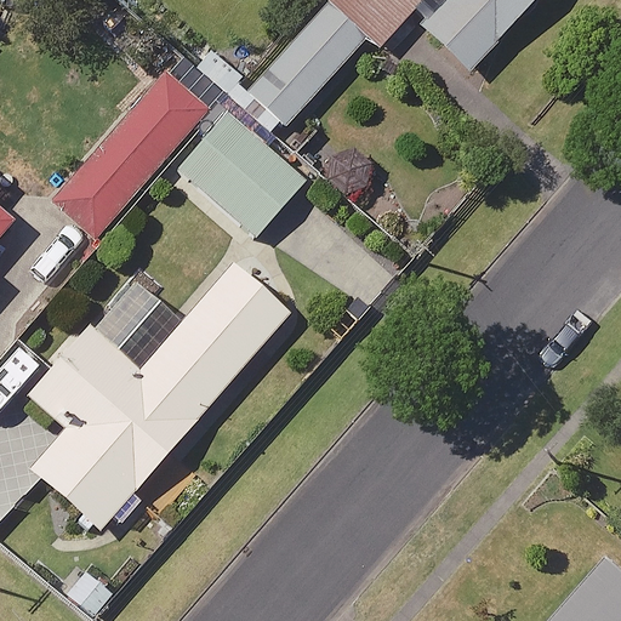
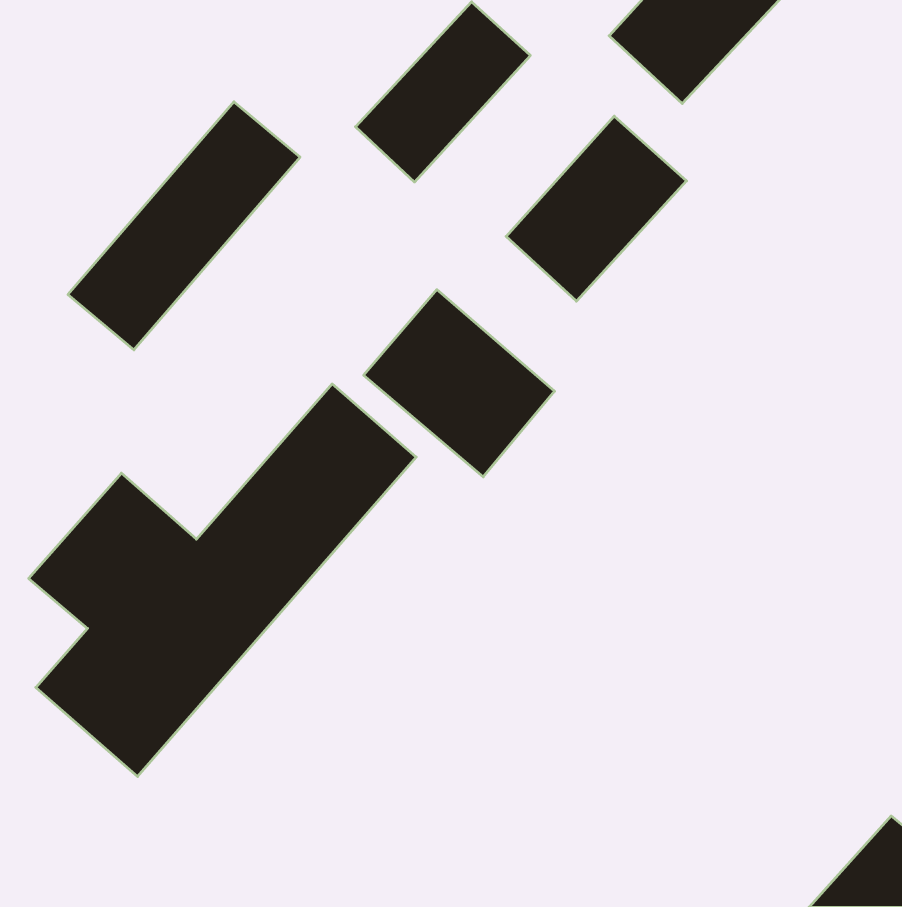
building: none -> [506,116,687,301]
building: [178,108,308,235] -> [364,290,555,477]

